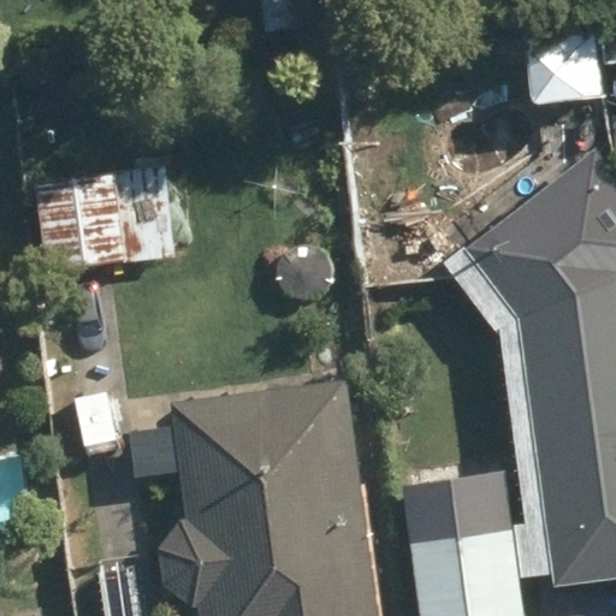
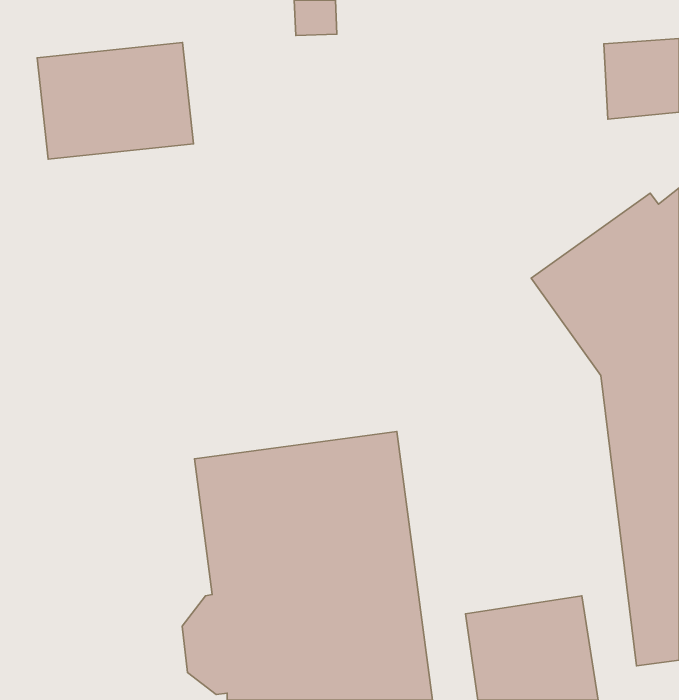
building: [34,168,171,271] -> [37,43,193,159]

